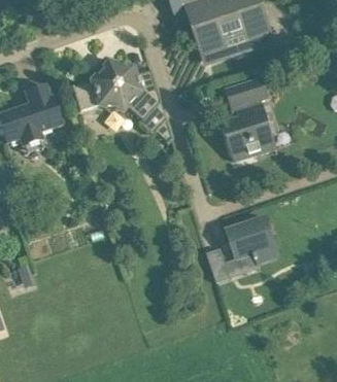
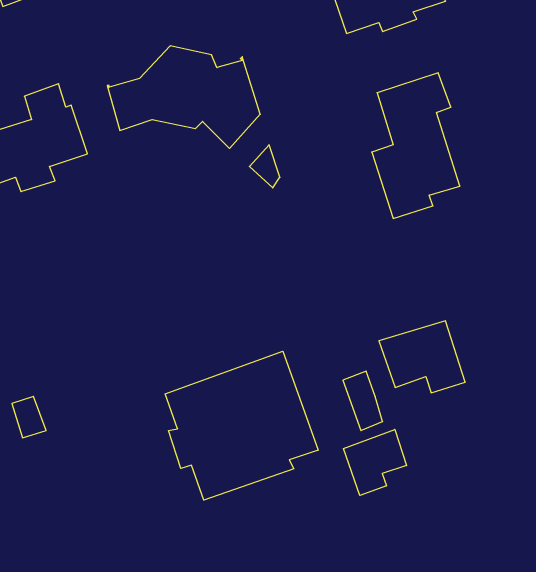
building: none -> [165,351,318,500]
building: none -> [344,429,407,495]

